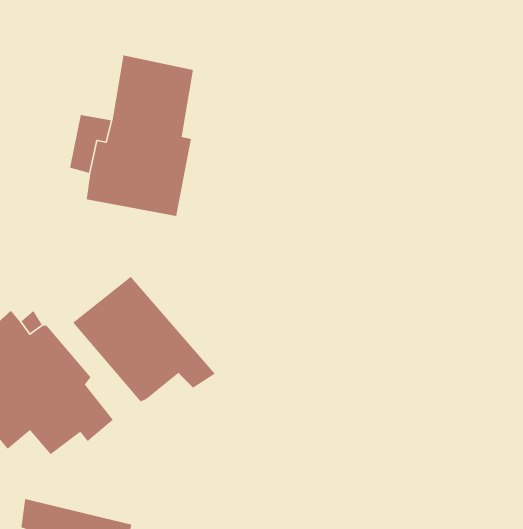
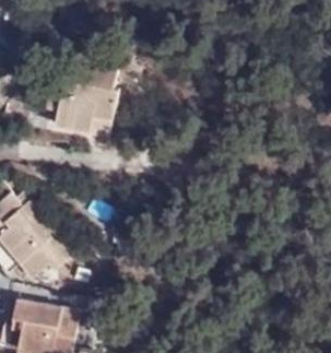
building: [72,276,216,402] -> none

